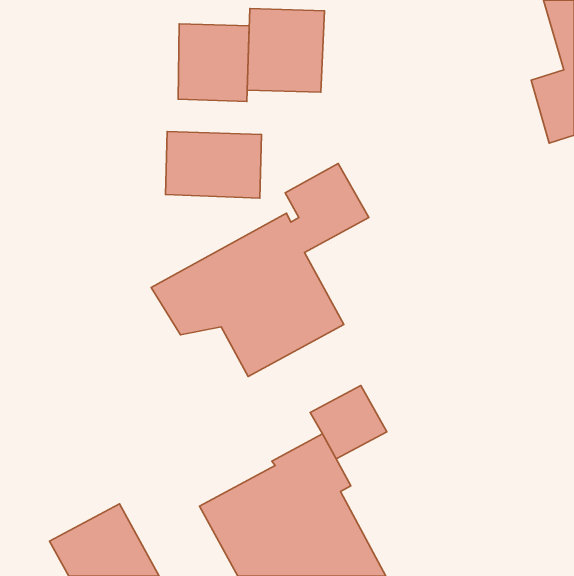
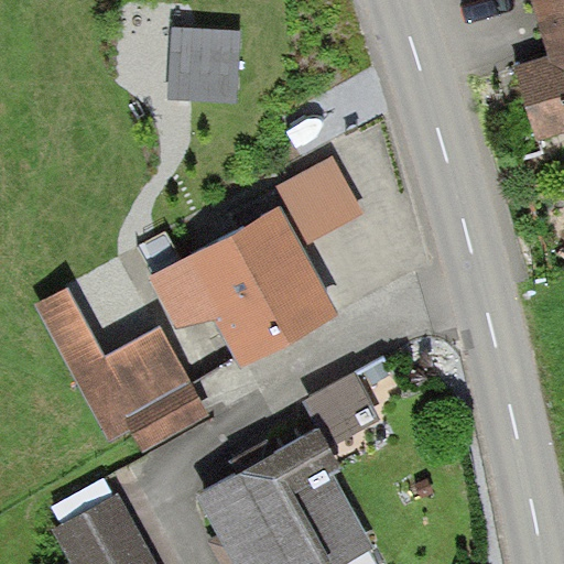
building: [247,9,324,92] -> none
building: [165,132,262,198] -> none
building: none -> [33,286,210,454]

